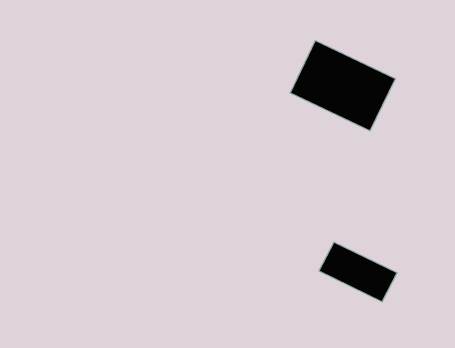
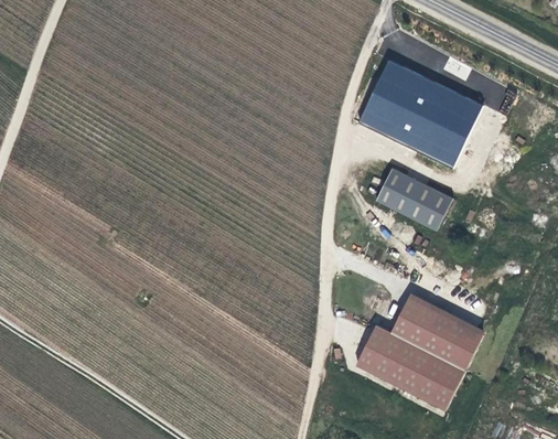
building: none -> [376,169,451,229]
building: none -> [356,324,466,409]

